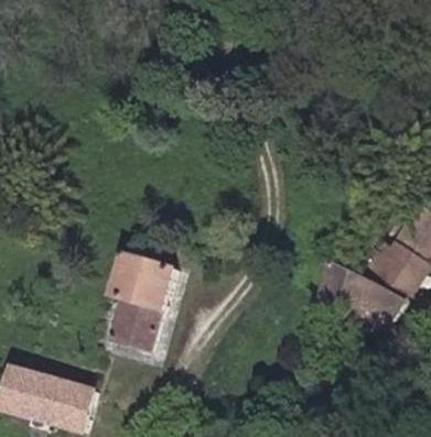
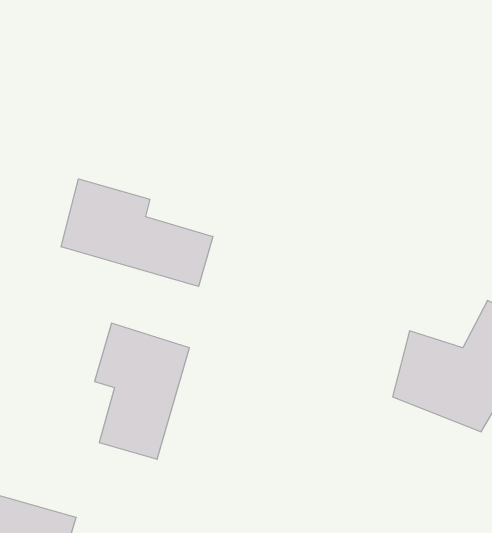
building: none -> [61,179,213,286]

